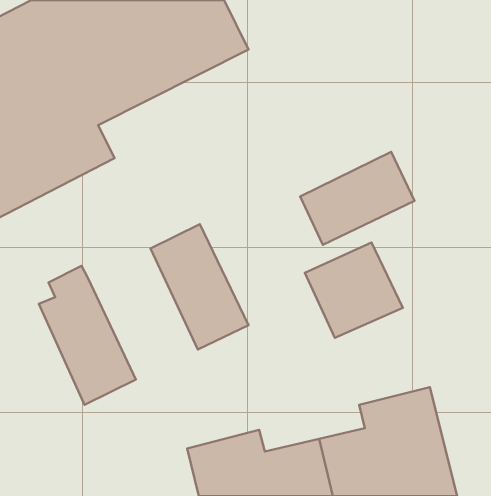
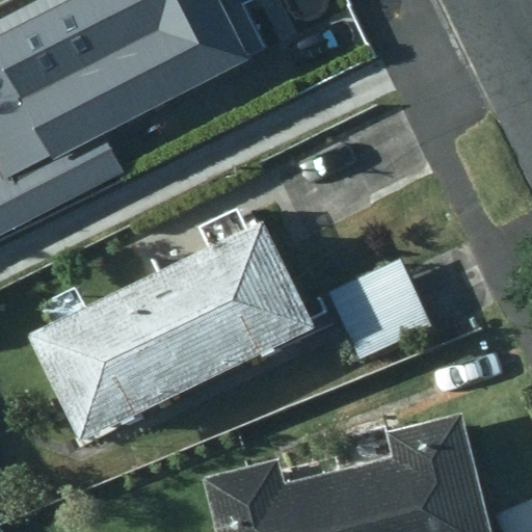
building: [300,152,415,245] -> none
building: none -> [214,211,327,348]
building: none -> [95,266,212,406]

